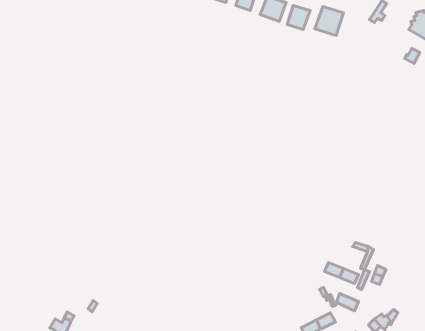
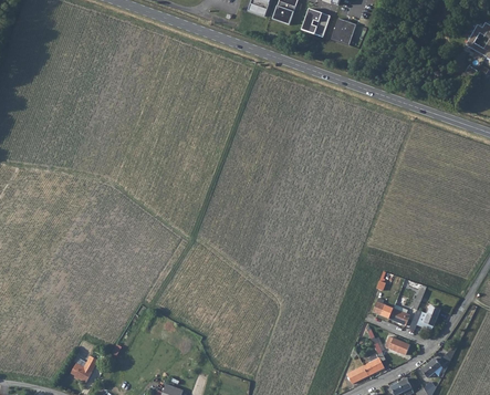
building: [315,7,343,35] -> none

